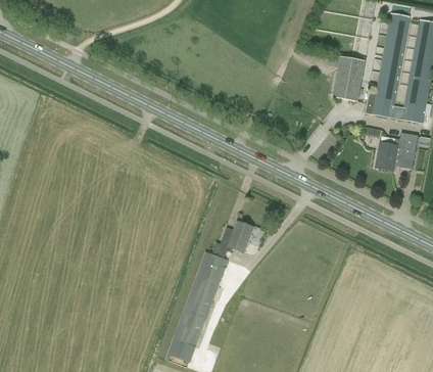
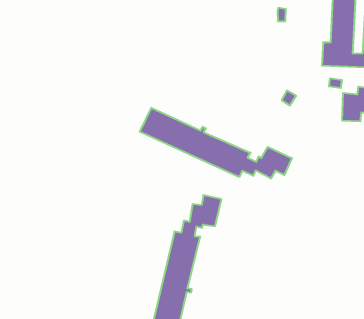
building: [333,56,365,101] -> none
building: none -> [140,108,292,179]

